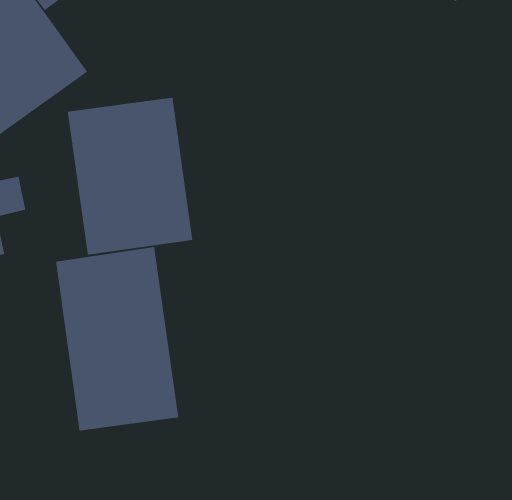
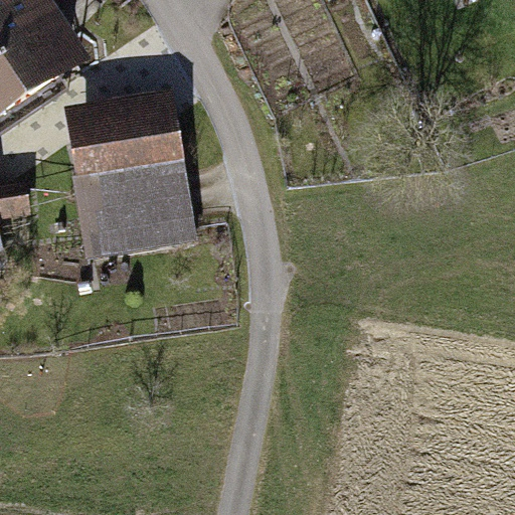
building: [55,246,179,431] -> none

